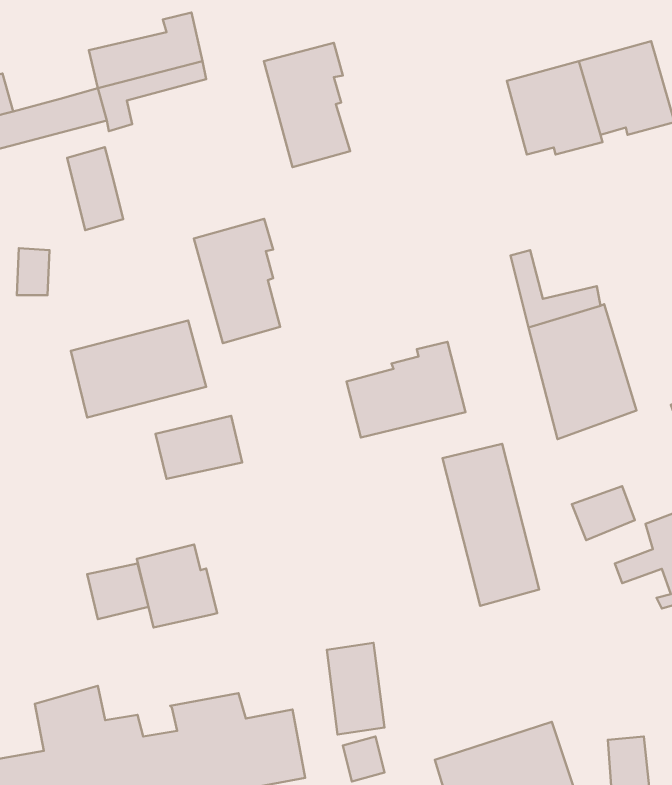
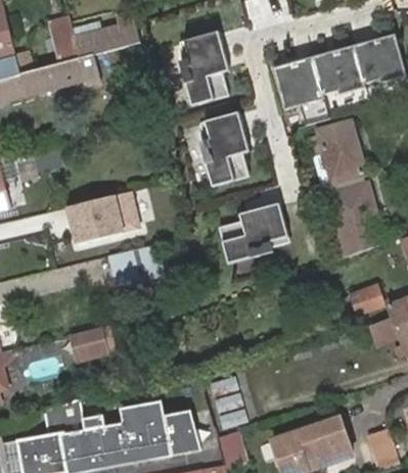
building: none -> [275,55,330,126]
building: [67,147,123,230] -> [49,18,81,65]
building: none -> [311,121,366,179]
building: [194,219,280,343] -> [194,114,243,185]
building: [442,444,539,606] -> none
building: [137,544,217,627] -> none

